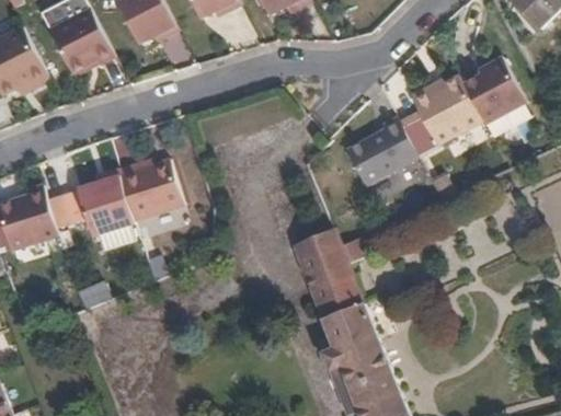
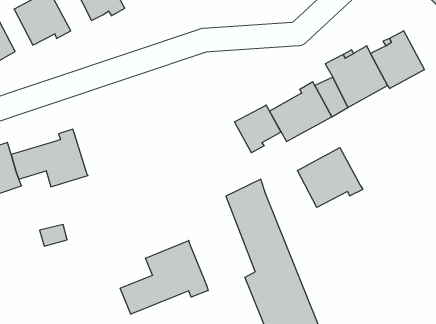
building: none -> [235,105,281,153]
building: [119,160,183,222] -> none
building: none -> [297,148,363,207]
building: none -> [120,240,208,314]

